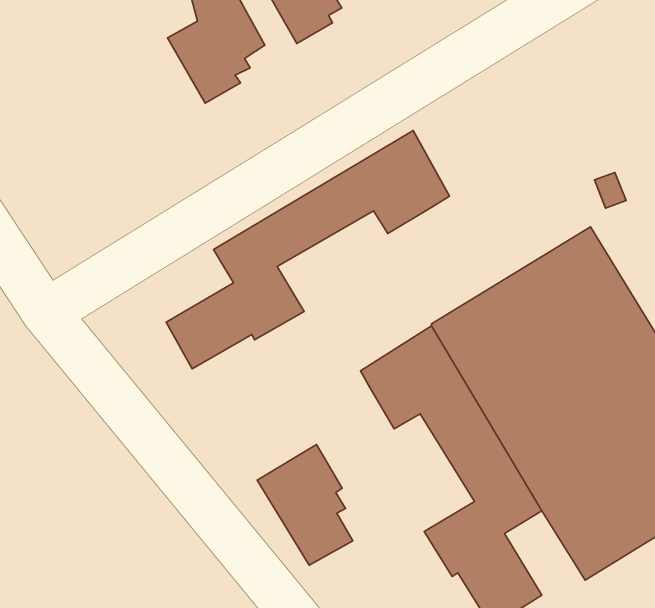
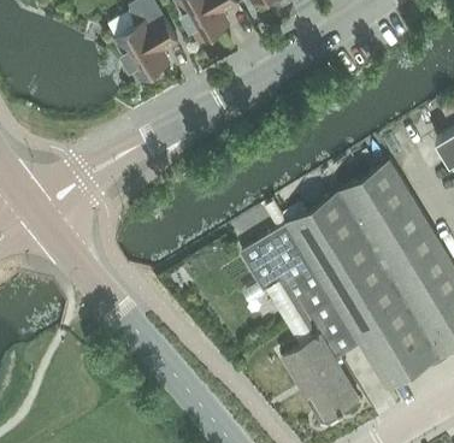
building: [166,131,450,369] -> none
building: [257,445,353,565] -> none

